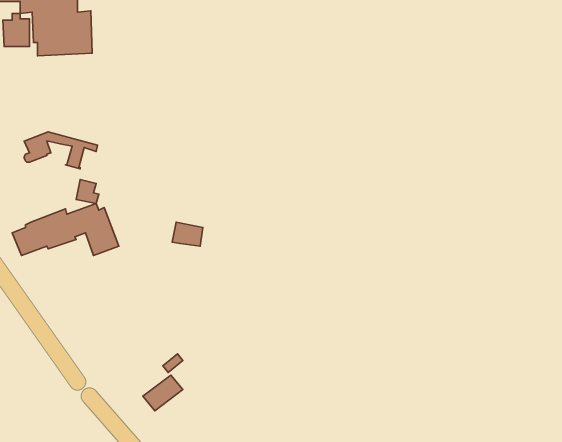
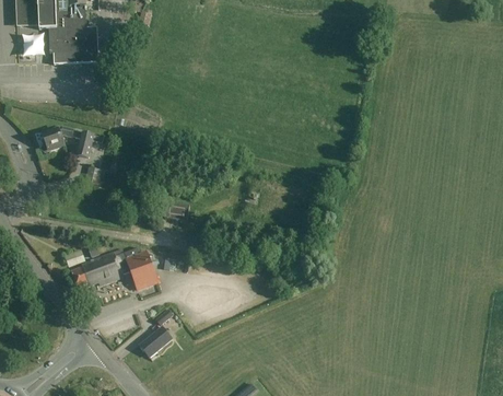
building: [12,204,119,255] -> [70,247,157,290]

